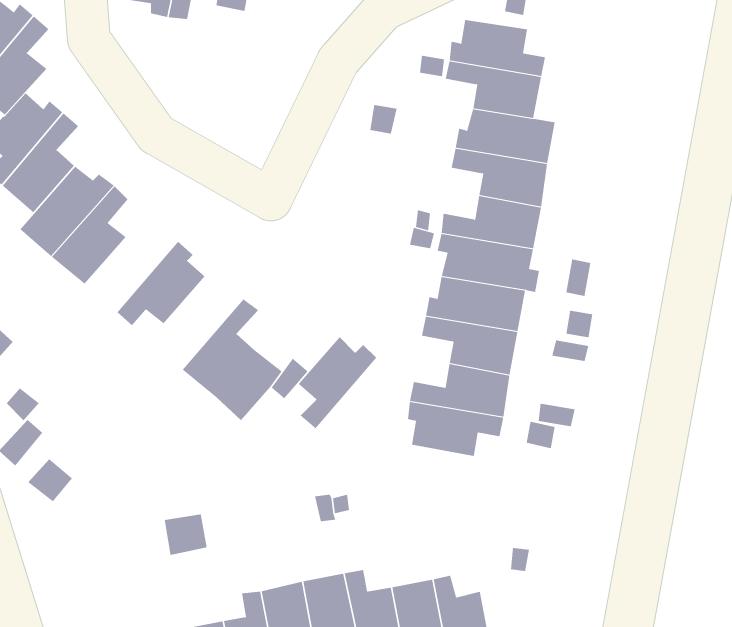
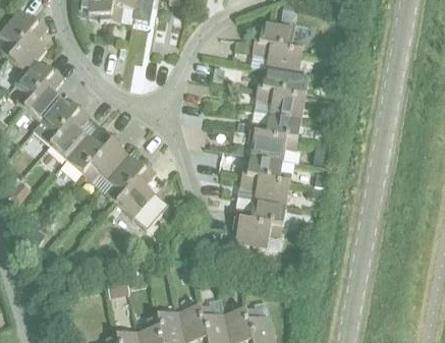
building: none -> [66,129,114,172]
building: [298,336,377,429] -> [107,154,148,202]

